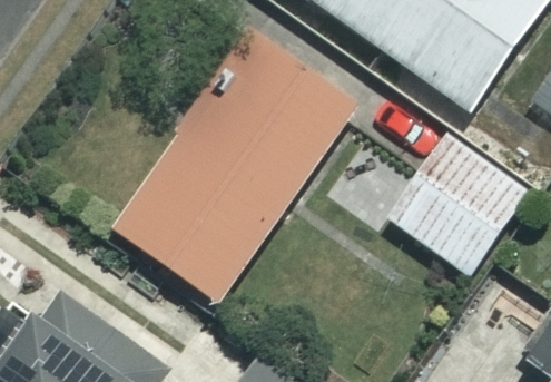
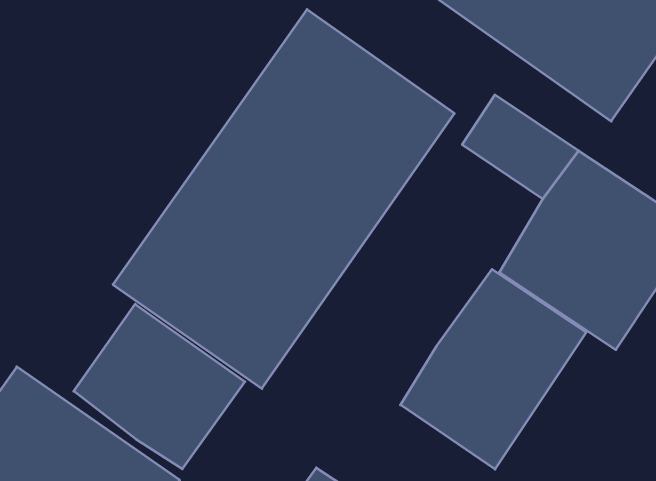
building: none -> [400,269,586,469]
building: none -> [74,304,245,469]

